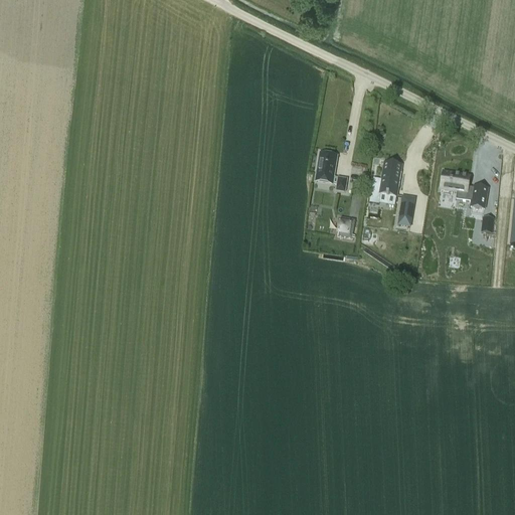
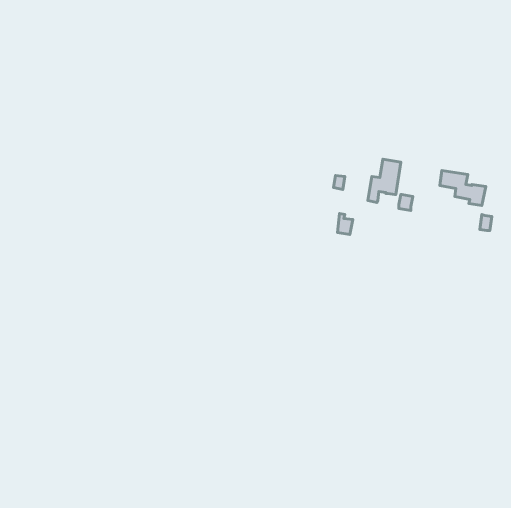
building: [316,151,337,182] -> none

